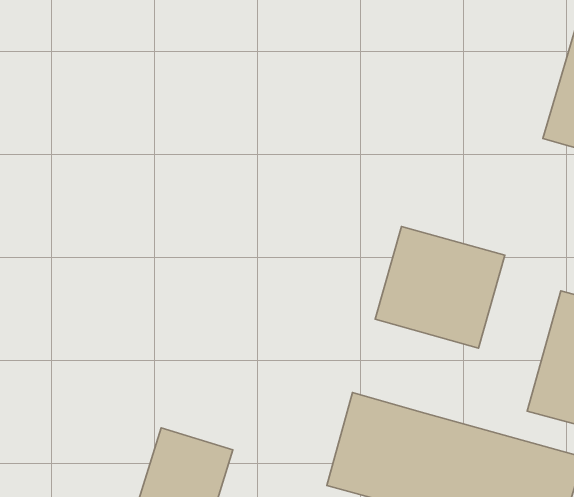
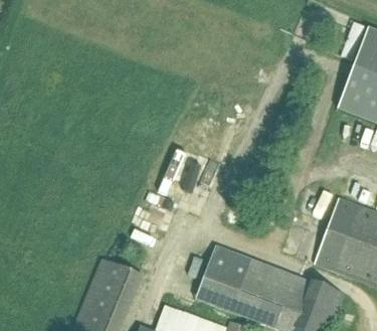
building: [375,226,505,348] -> none

